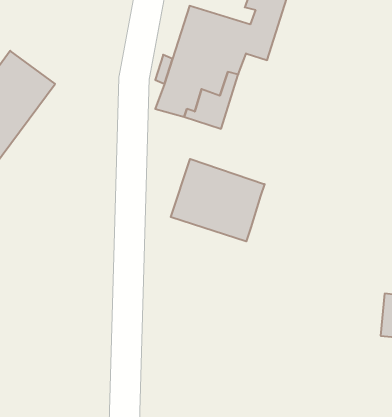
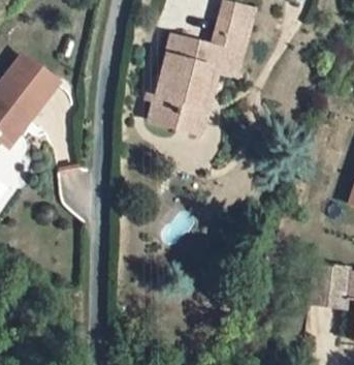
building: [171,159,265,241] -> none

